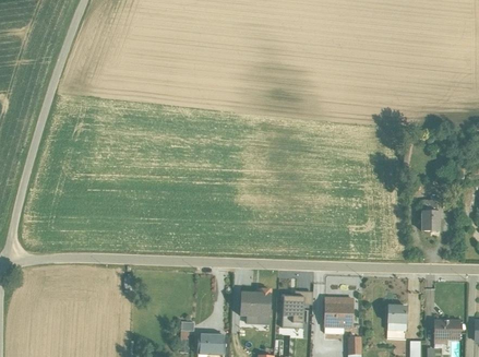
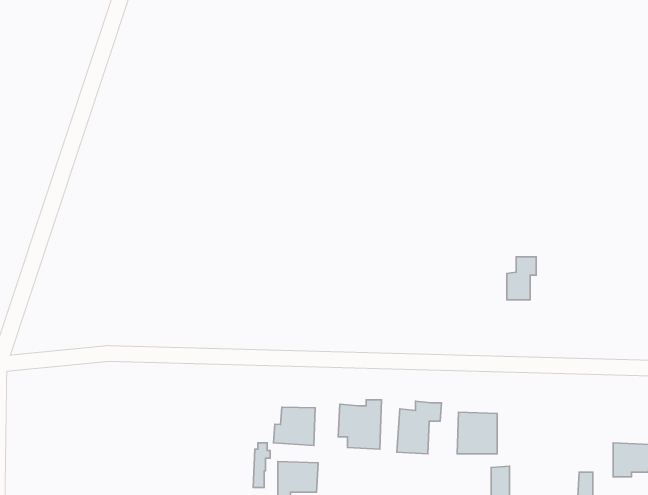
building: [422,199,443,229] -> [507,257,536,300]
building: none -> [273,407,315,446]
building: [387,305,407,330] -> none

